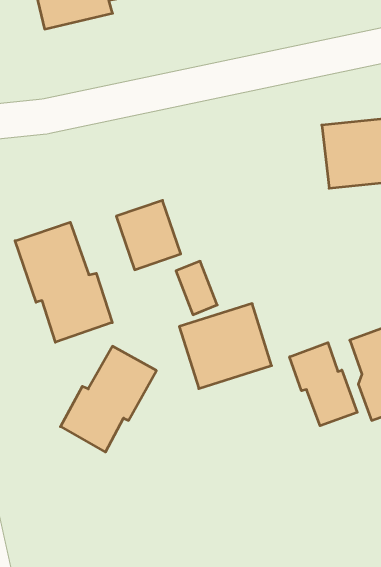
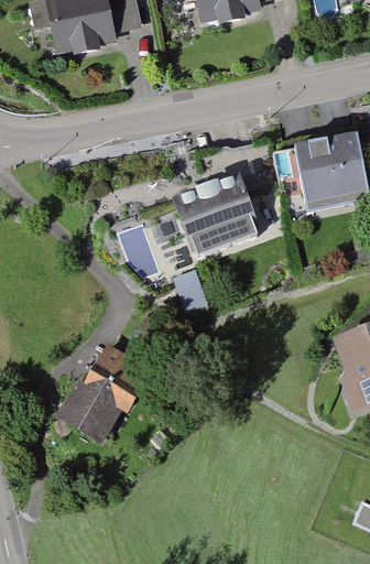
building: [15,222,112,342] -> none
building: [179,304,272,389] -> [177,174,261,251]
building: [290,343,357,426] -> none

